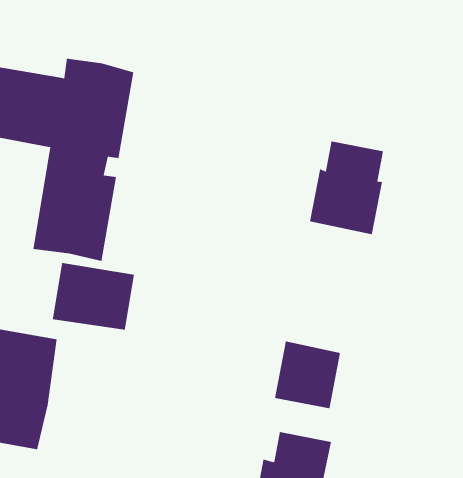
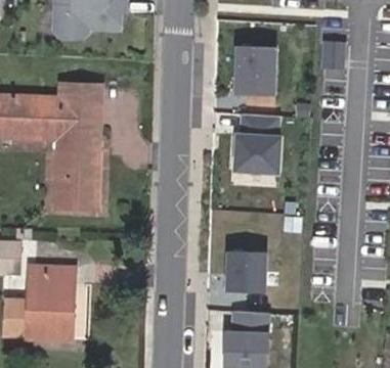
building: none -> [234,44,275,93]
building: [52,262,134,330] -> none

